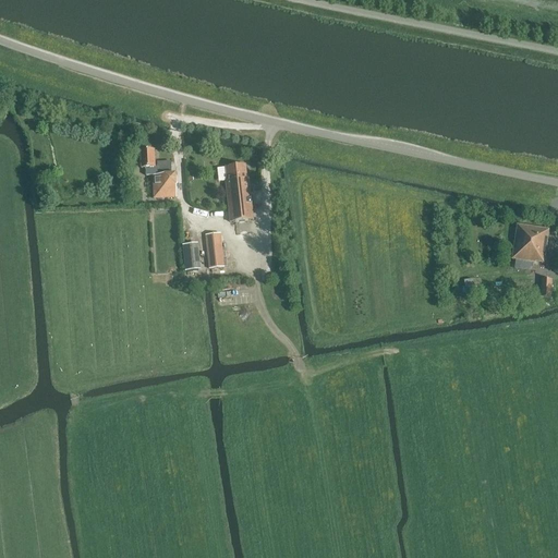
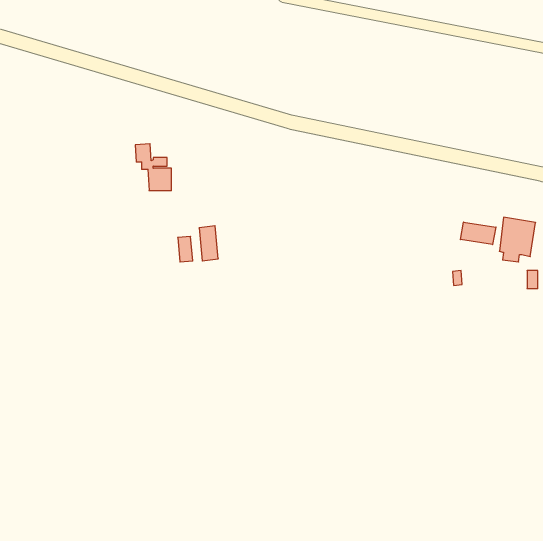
building: [225,162,253,220] -> none
building: none -> [460,222,496,245]

